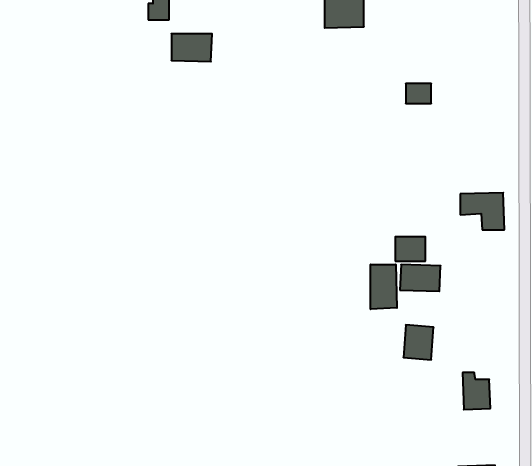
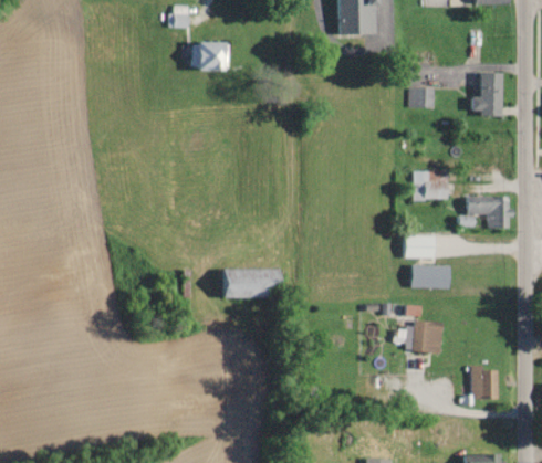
building: none -> [470,72,501,115]
building: none -> [417,171,454,201]
building: [371,264,397,309] -> none
building: none -> [229,269,286,298]

